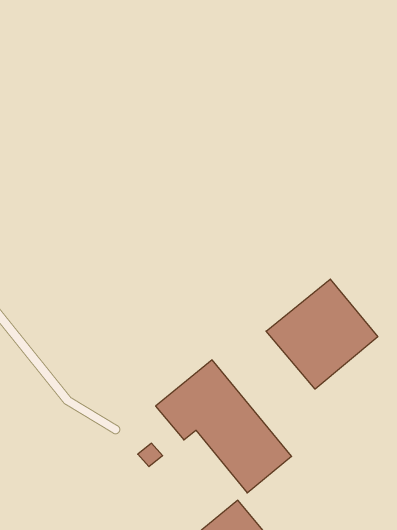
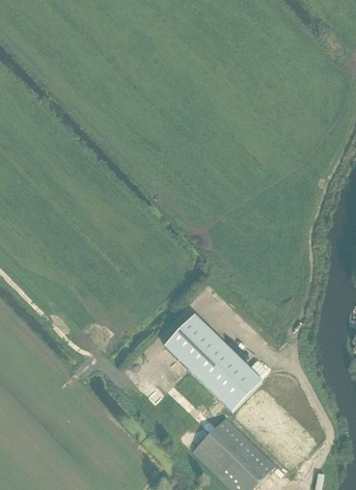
building: [266,279,378,389] -> none

